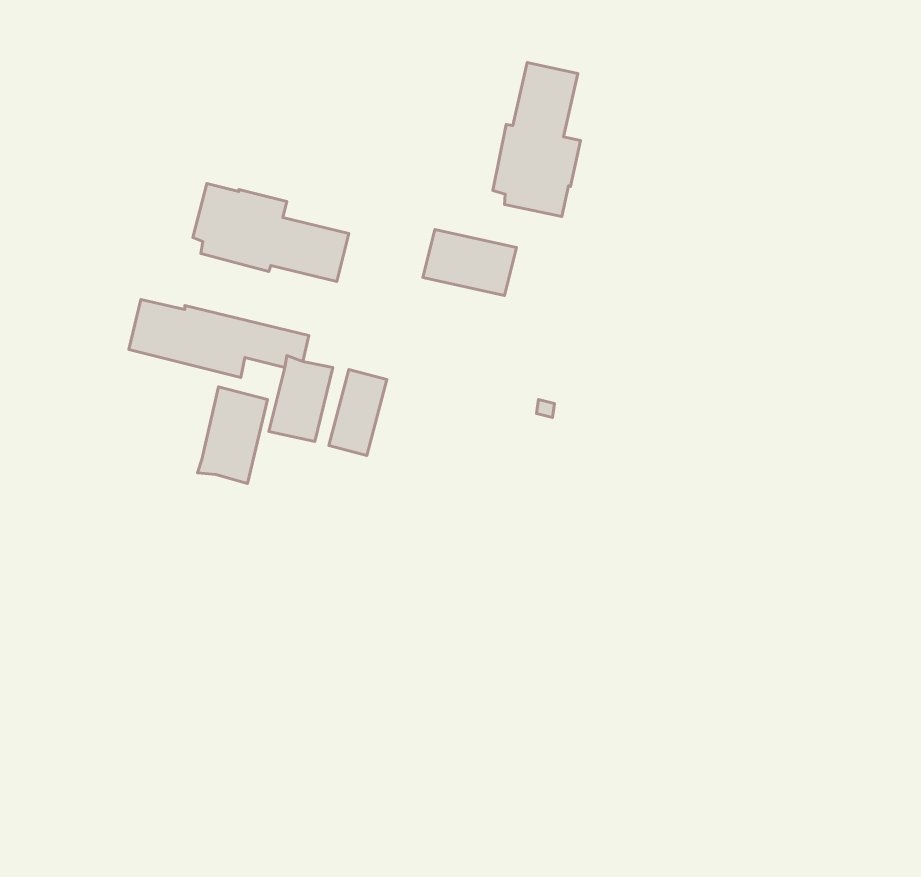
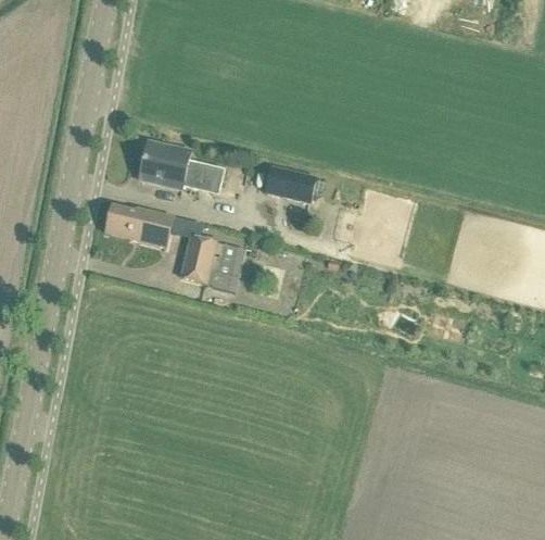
building: [493,62,580,216] -> none
building: [198,387,267,484] -> none

